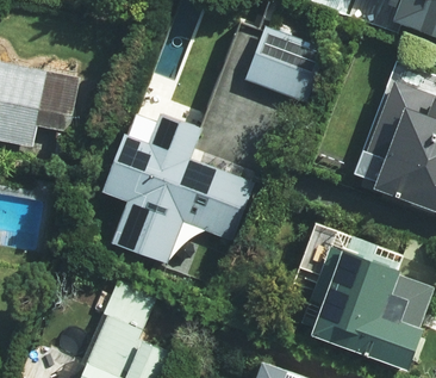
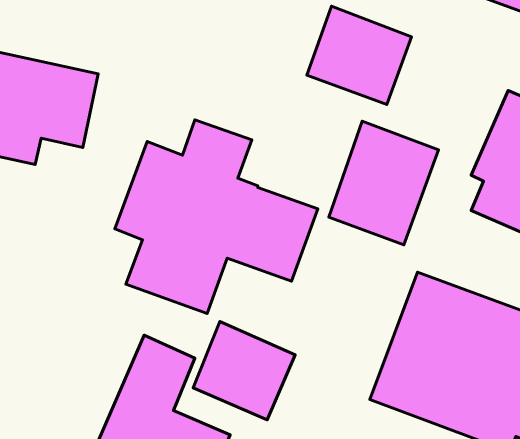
building: none -> [329,121,438,245]
building: none -> [193,322,295,420]

